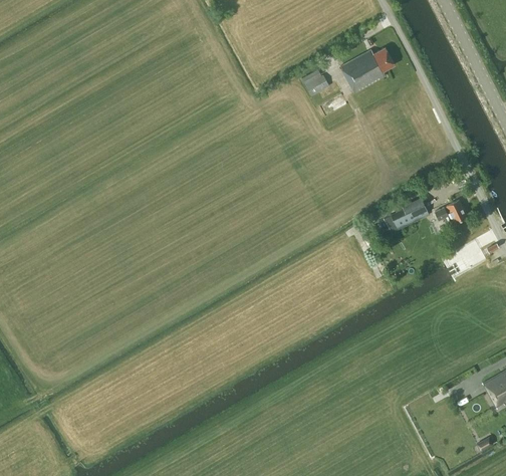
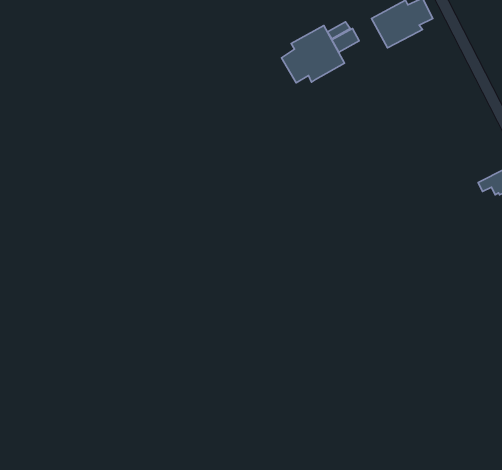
building: none -> [281,25,344,83]
building: [384,197,429,232] -> none

